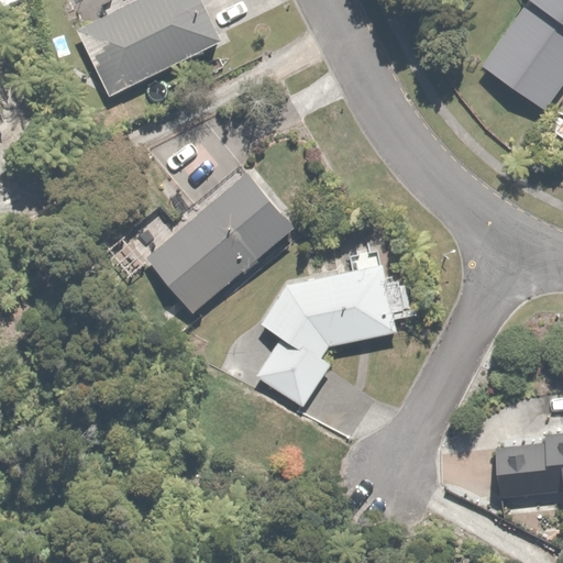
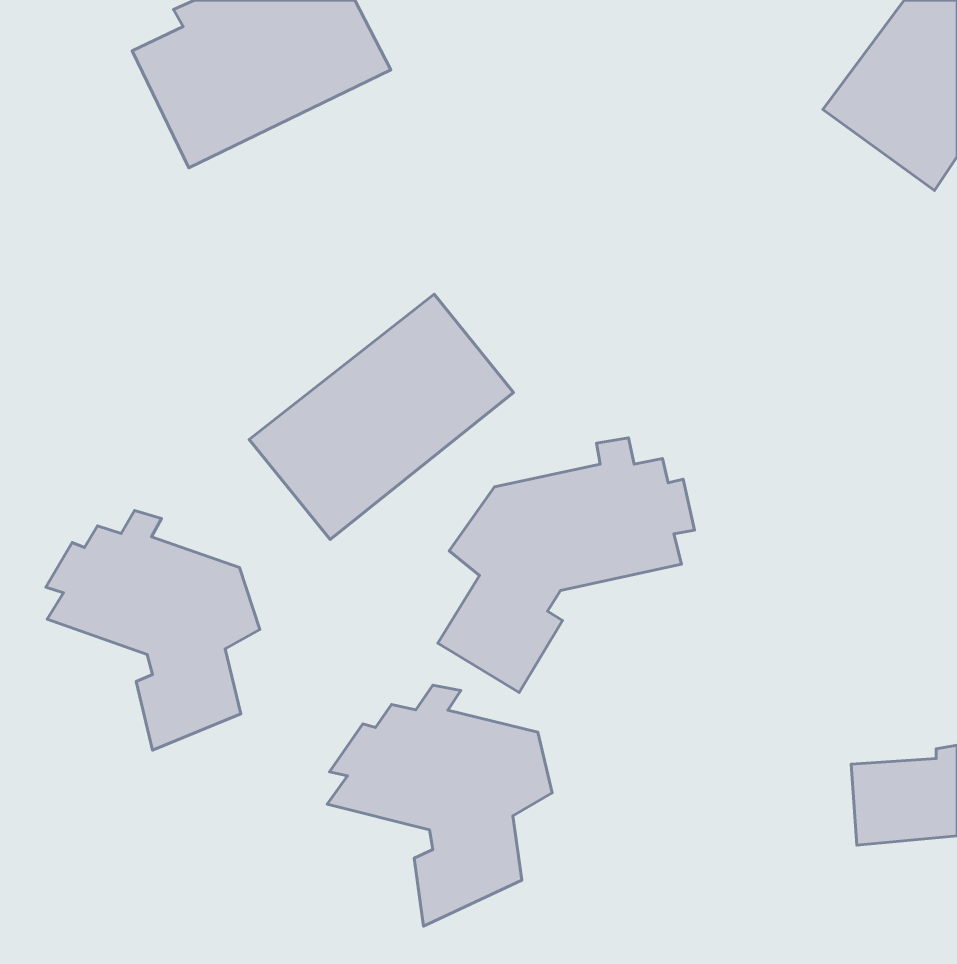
building: none -> [46,510,260,750]
building: none -> [327,685,552,926]

